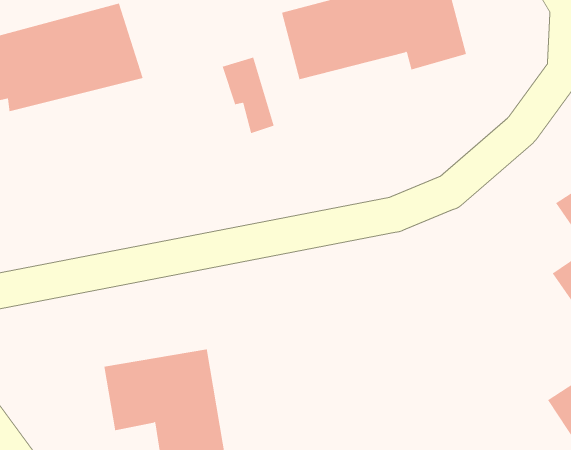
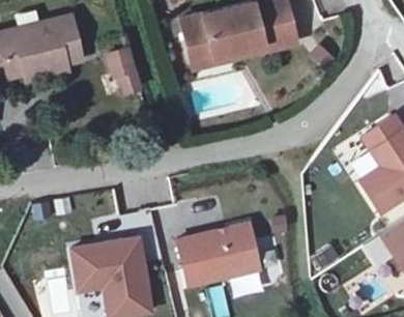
building: [222,57,275,134] -> [103,39,137,89]
building: none -> [181,224,264,286]

